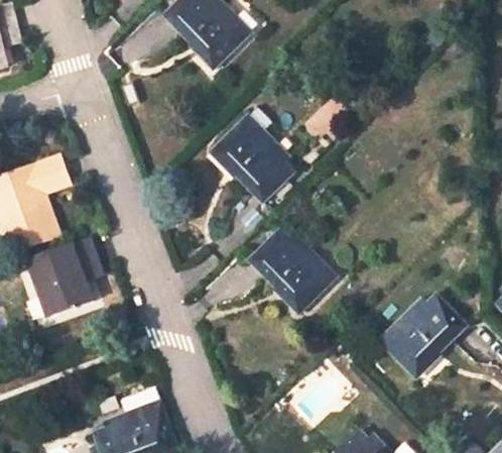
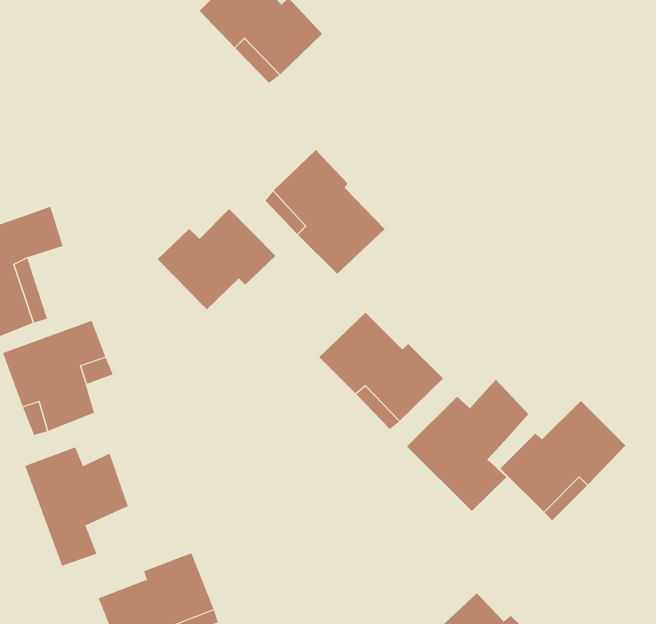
building: none -> [157,208,276,310]
building: none -> [406,379,529,512]
building: none -> [24,447,128,566]

